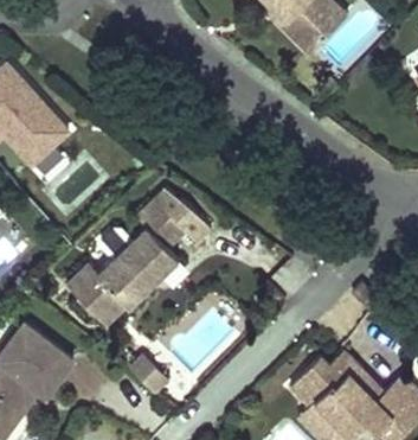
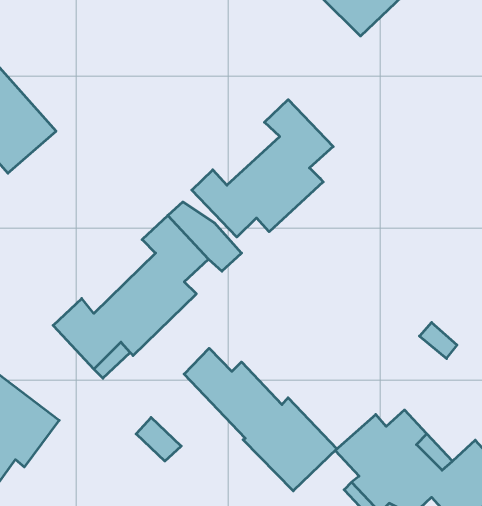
building: none -> [192,100,333,237]
building: none -> [184,348,337,491]

